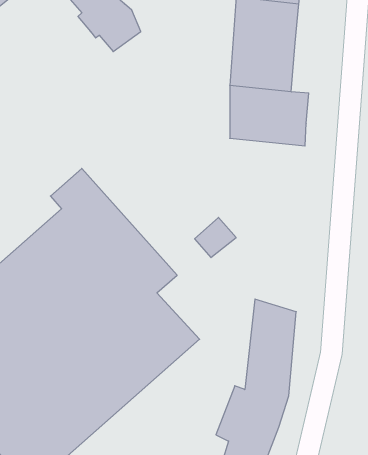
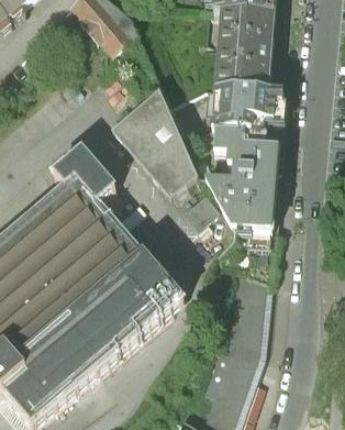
building: none -> [111,89,198,201]
building: none -> [204,126,279,229]

